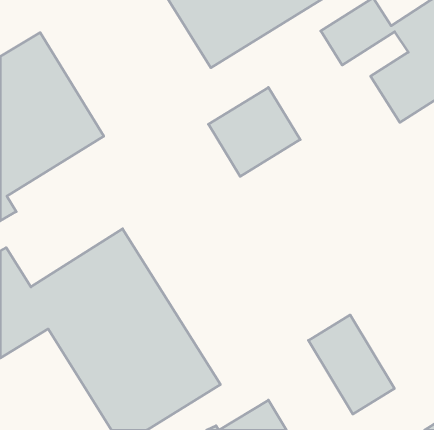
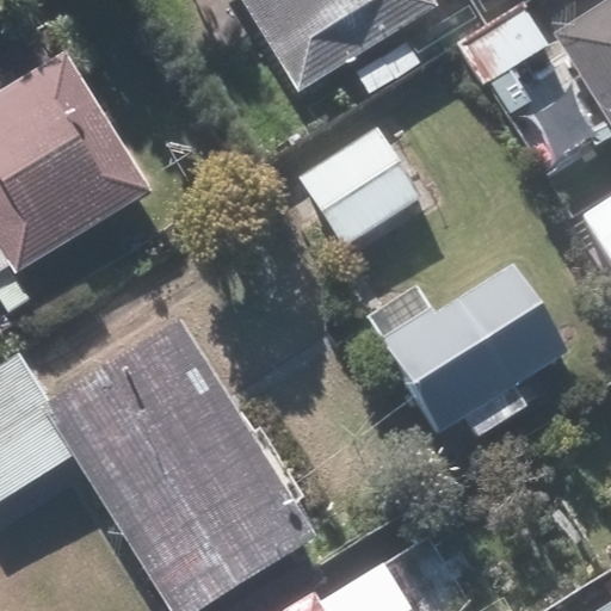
building: none -> [363,269,562,438]
building: [308,315,394,414] -> none

